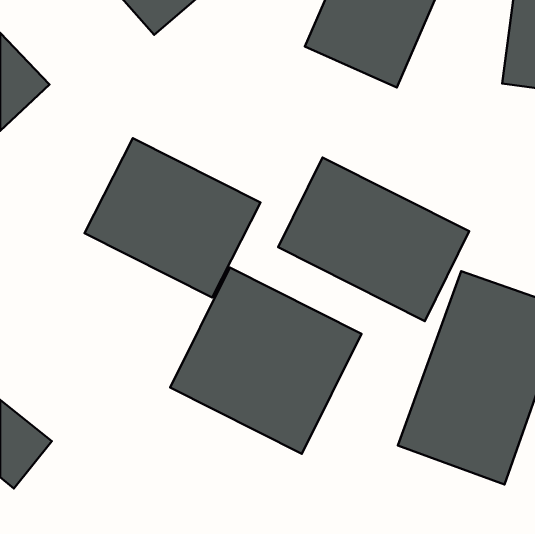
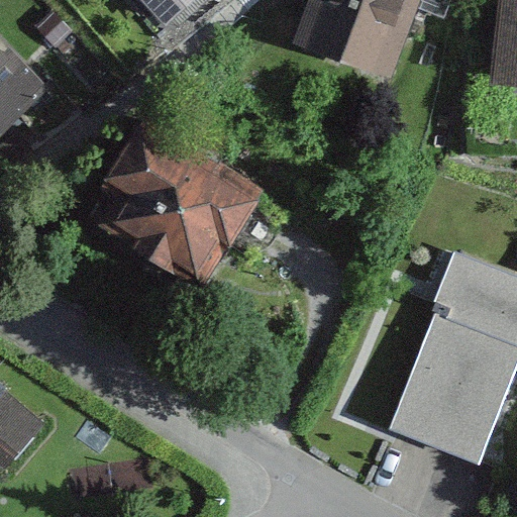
building: [278,157,469,321] -> none
building: [170,267,362,454] -> none

